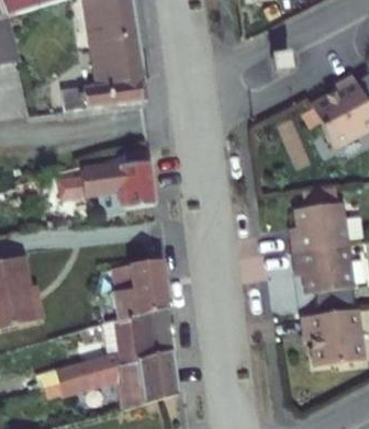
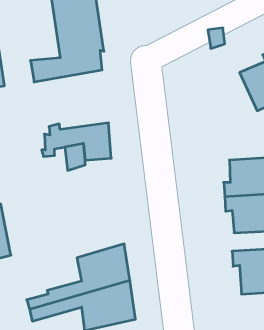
building: [109,258,170,319] -> none

